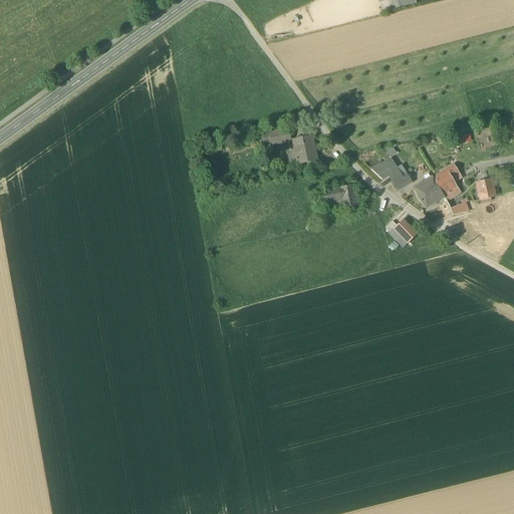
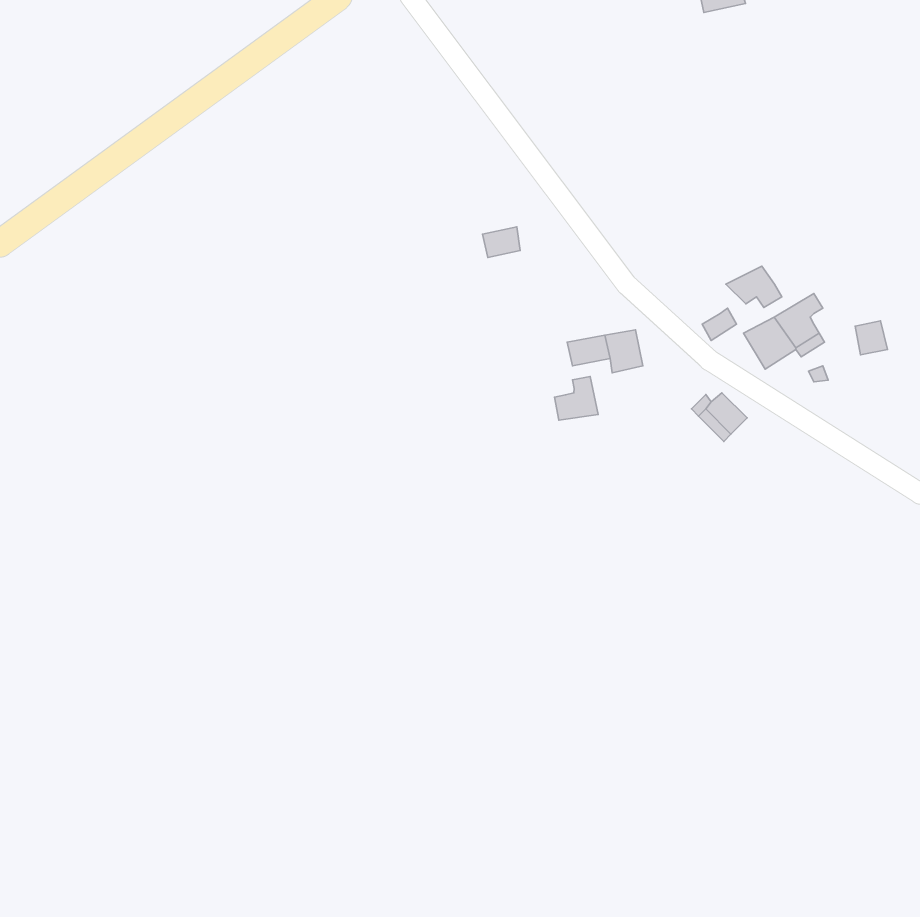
building: [292,135,316,163] -> none
building: [370,158,402,181] -> [726,266,782,308]
building: none -> [554,376,598,420]

